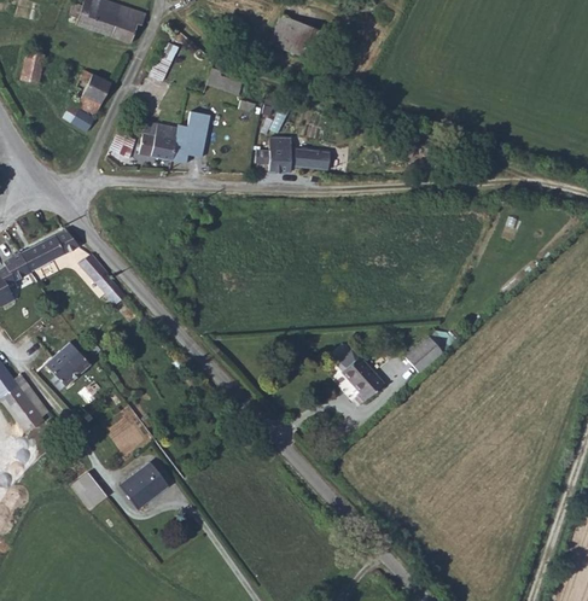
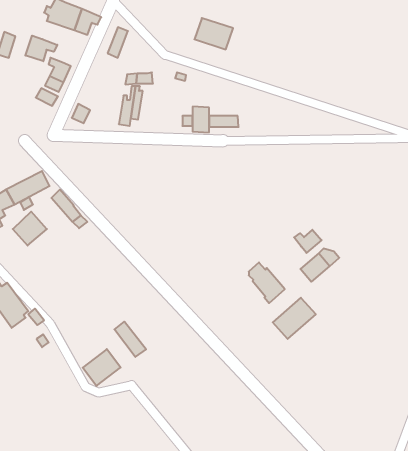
building: none -> [25,36,57,61]
building: [136,130,173,164] -> none
building: none -> [294,230,322,253]
building: [47,339,92,384] -> [13,212,47,246]
building: none -> [273,298,316,339]
building: none -> [114,322,146,357]
building: [72,469,109,507] -> none

